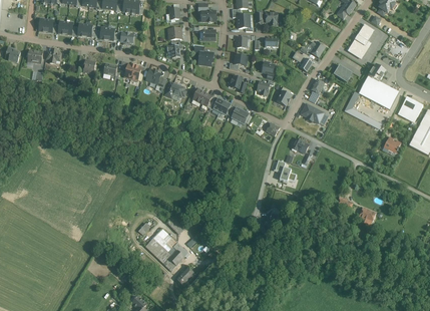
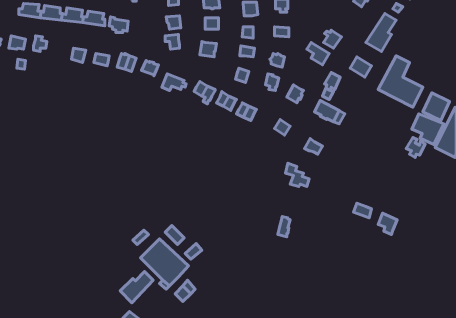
building: none -> [412,114,444,145]
building: none -> [120,271,153,303]

